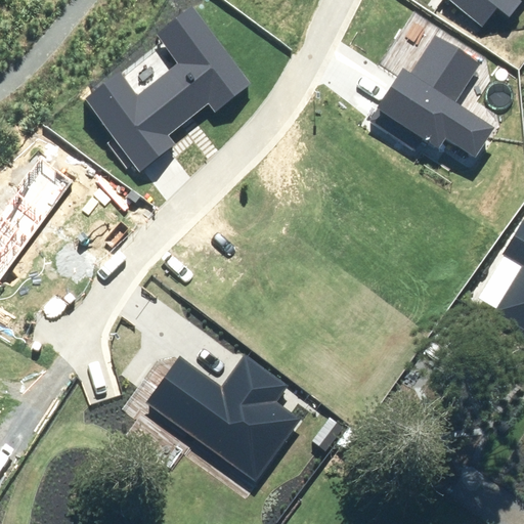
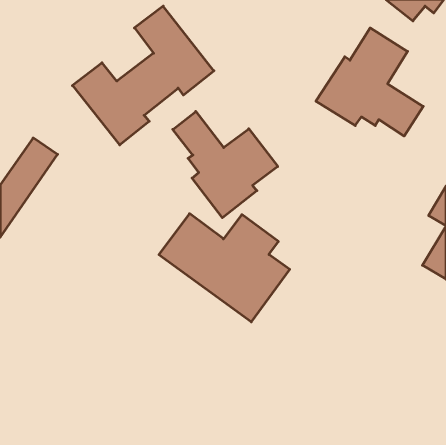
building: none -> [173,111,278,218]
building: [146,354,300,481] -> [159,214,290,322]

